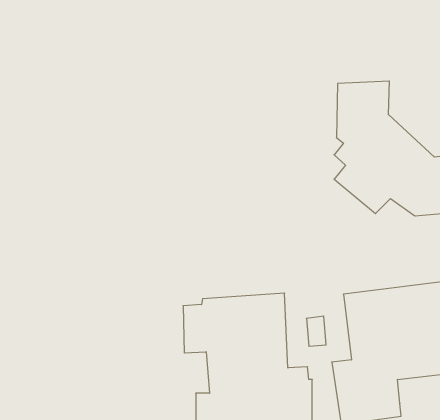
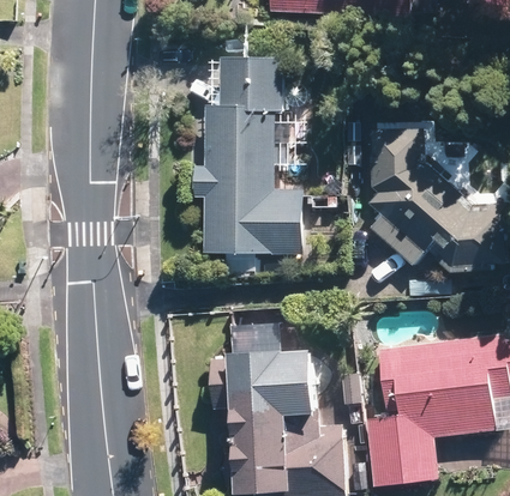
building: none -> [191,56,305,253]

